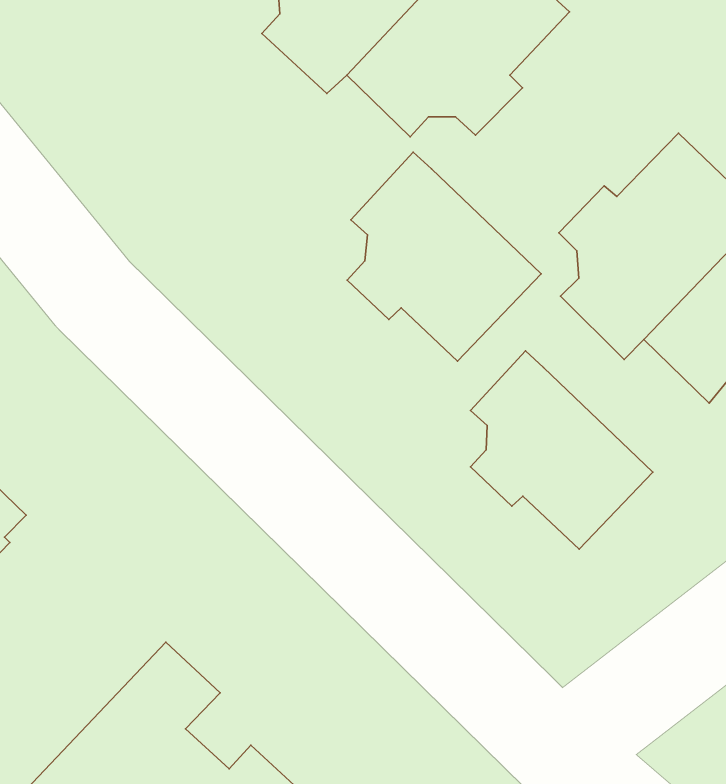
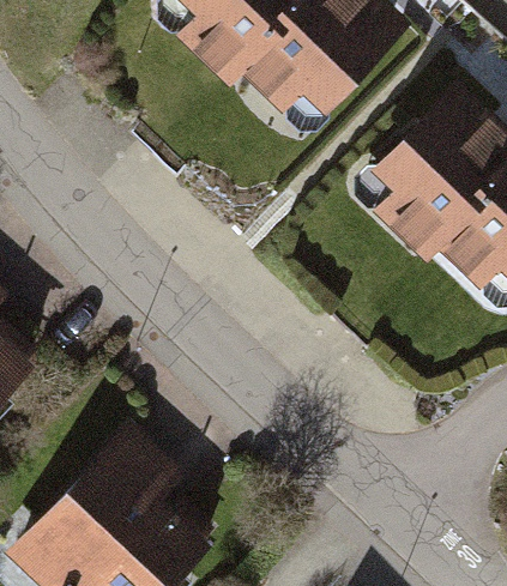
building: [347,152,541,361] -> none
building: [471,351,653,549] -> none

